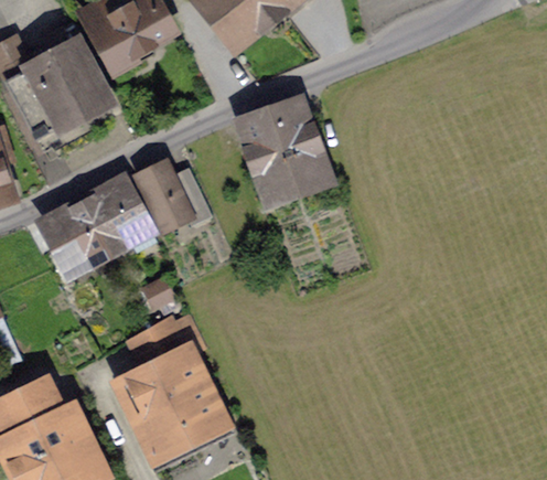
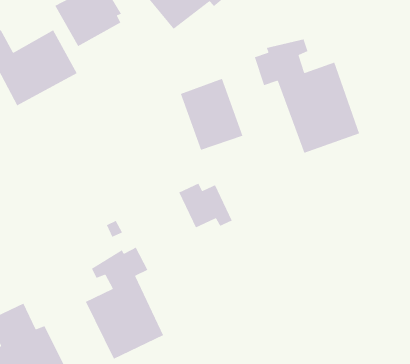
building: none -> [254,39,360,154]
building: [140,169,210,227] -> [178,182,233,229]
building: [47,182,153,270] -> none

